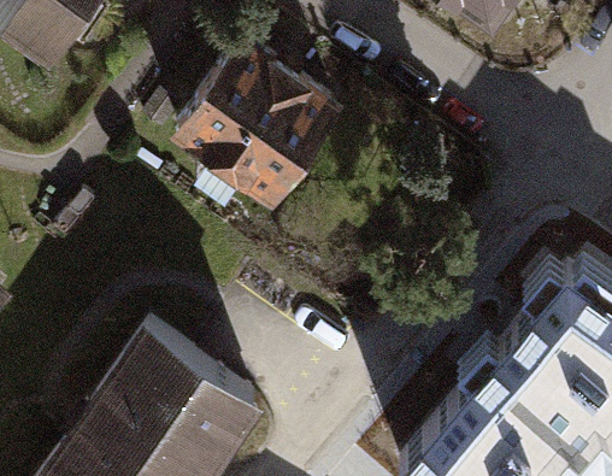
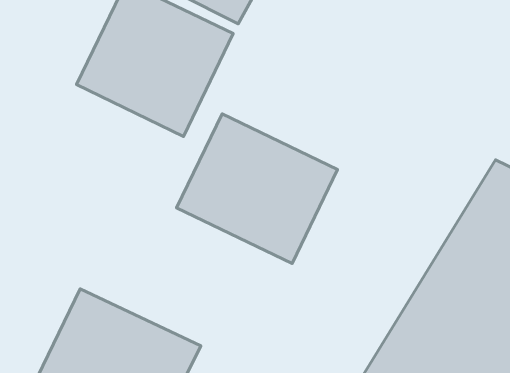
building: none -> [177,114,337,263]

